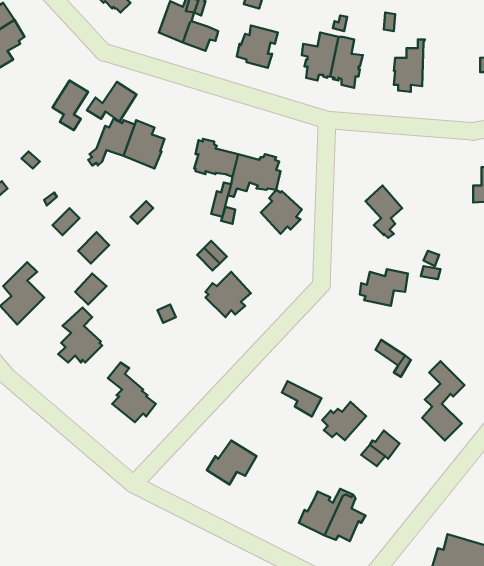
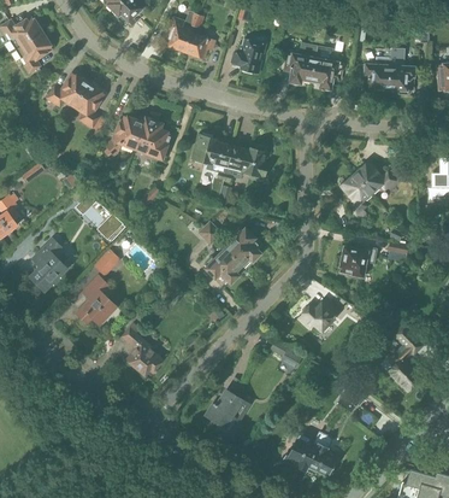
building: none -> [389,51,414,94]
building: [87,82,136,122] -> [47,72,89,106]
building: none -> [355,162,401,192]
building: [261,190,302,234] -> [226,227,261,264]
building: [322,402,366,440] -> [302,298,339,330]

